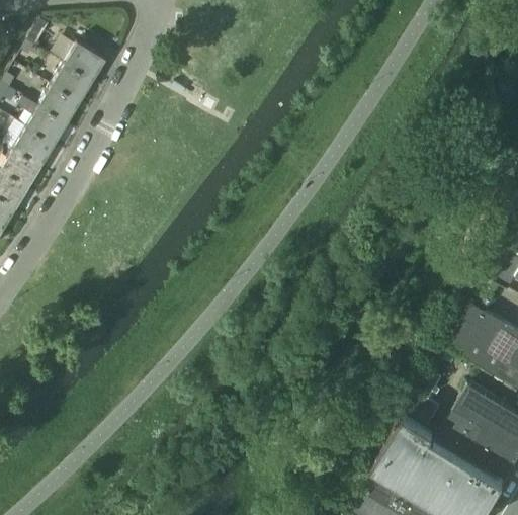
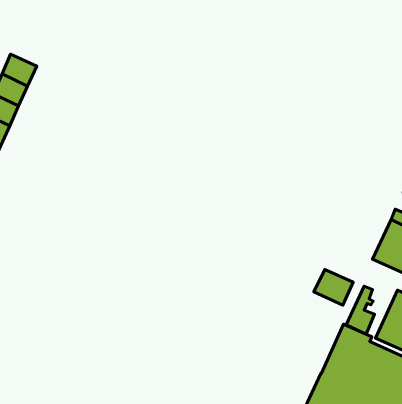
building: [63,44,104,83] -> none
building: none -> [314,269,353,305]

